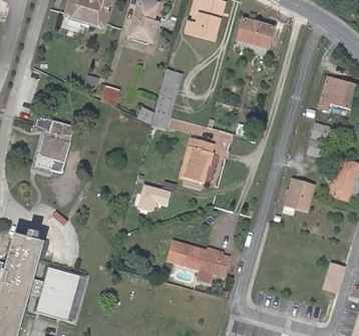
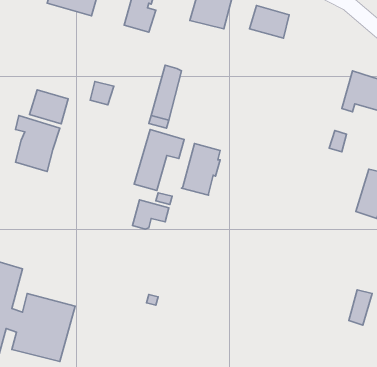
building: none -> [29,90,68,124]
building: none -> [134,129,184,190]
building: [284,178,317,213] -> none
building: [176,243,229,283] -> none

